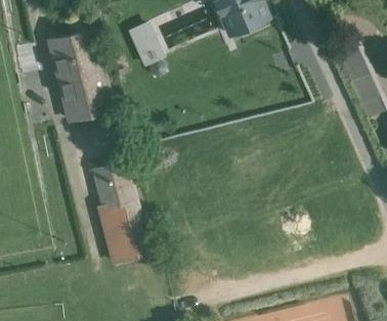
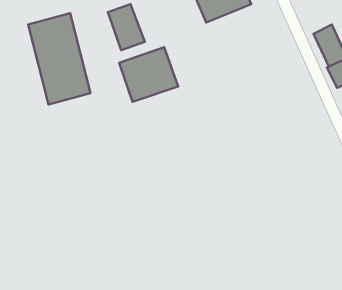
building: none -> [119,47,178,102]
building: [94,162,149,263] -> none

